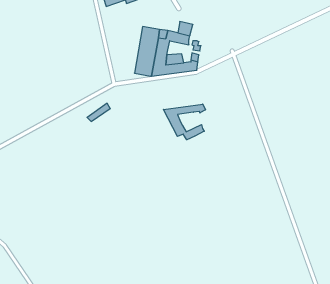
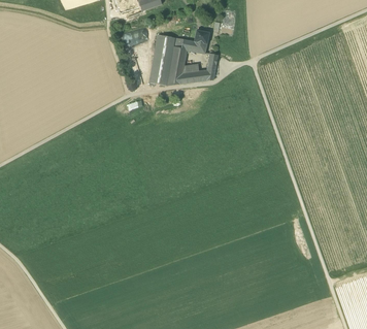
building: [163,104,205,140] -> none

